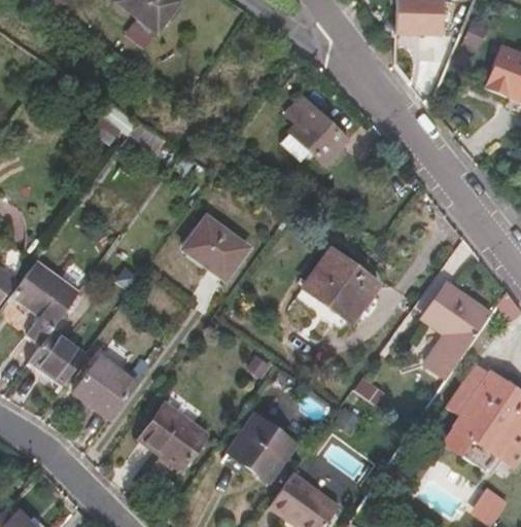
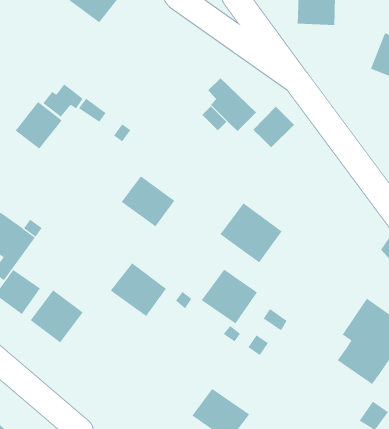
building: none -> [15,101,62,150]
building: none -> [252,106,295,148]
building: [423,284,491,378] -> none
building: [138,403,207,469] -> [110,262,167,317]
building: [227,414,296,481] -> [201,269,258,324]

